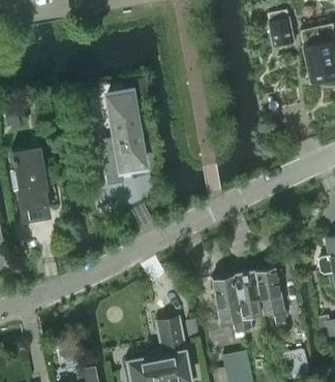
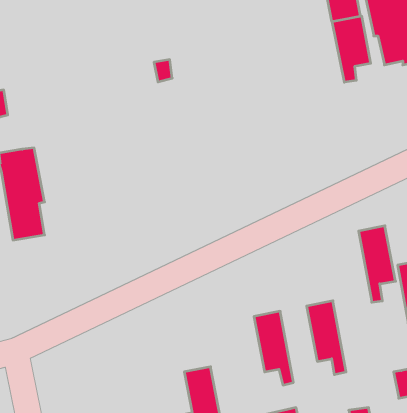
building: none -> [332,16,371,82]
building: [101,91,145,173] -> none
building: [234,270,263,330] -> [359,226,396,302]

